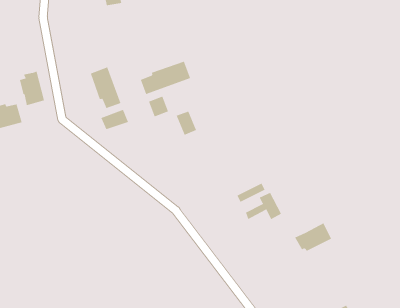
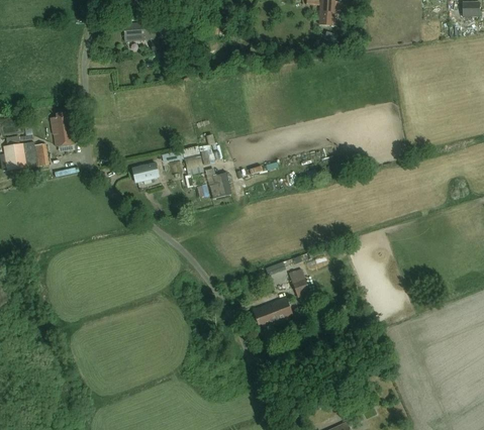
building: [140,61,191,95] -> none
building: [90,66,121,109] -> none
building: [294,223,332,251] -> [253,297,292,325]

